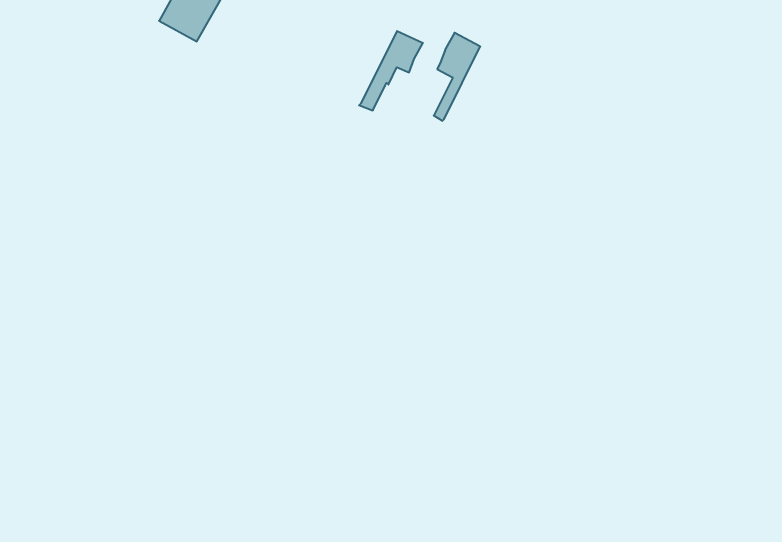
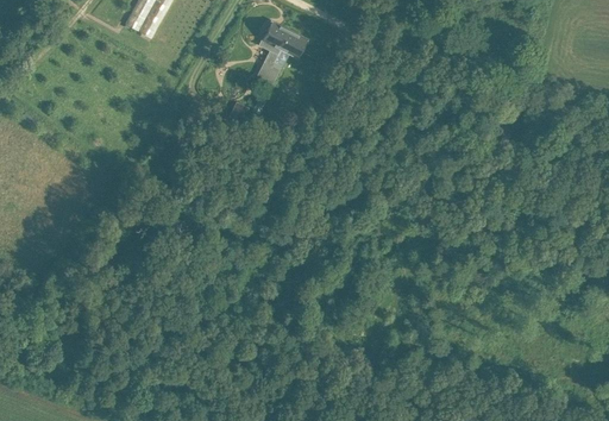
building: [434,33,480,121] -> [256,20,288,81]

